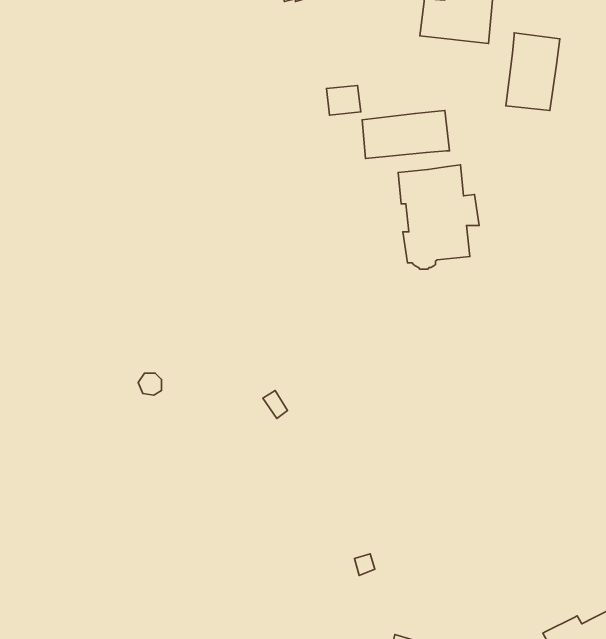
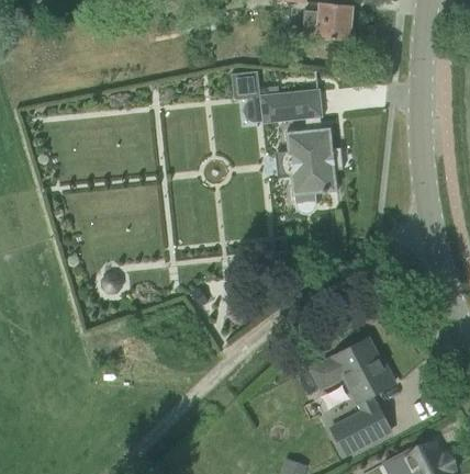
building: [506,33,560,110] -> none
building: none -> [307,339,393,455]

